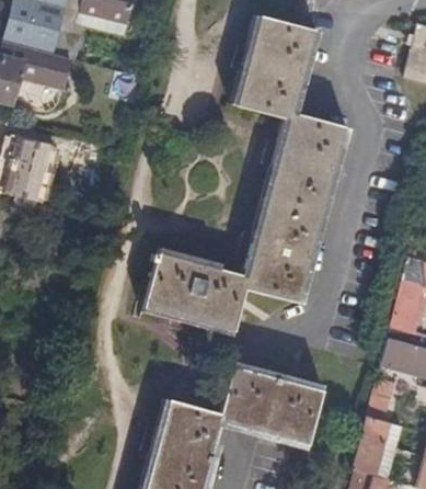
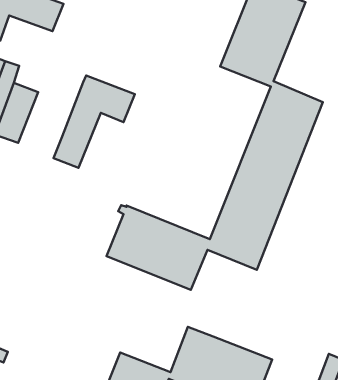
building: none -> [54,76,135,168]

